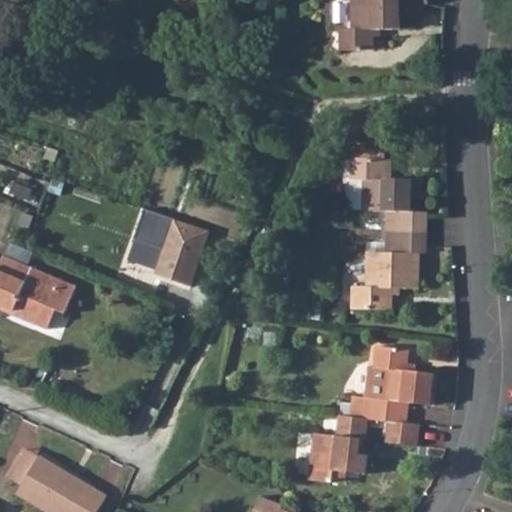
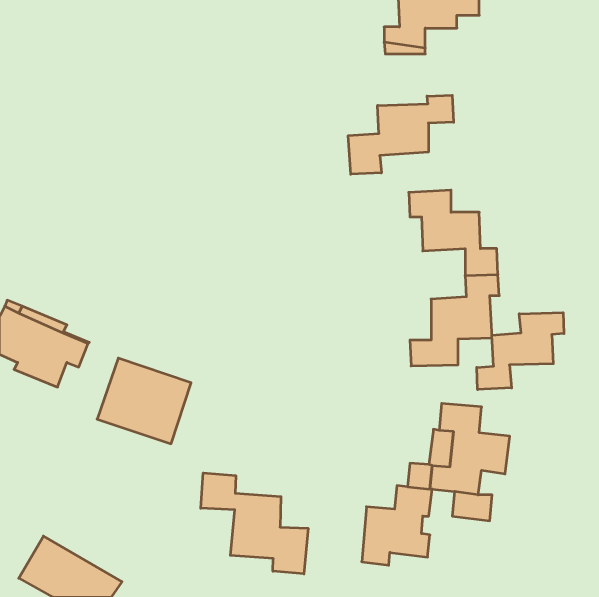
building: none -> [348,95,454,174]
building: [127,209,207,282] -> [97,358,191,444]
building: none -> [477,313,564,390]
building: none -> [201,473,308,574]

